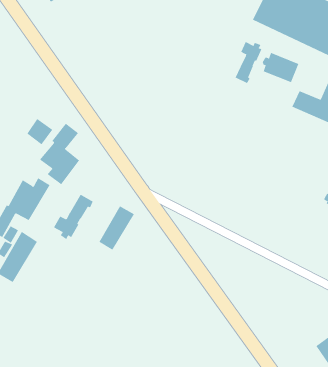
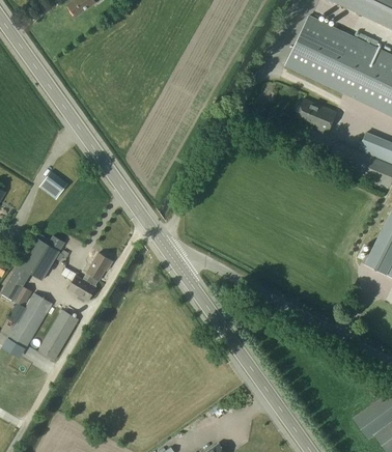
building: [235,41,262,84] -> none
building: [39,123,80,185] -> none
building: [99,206,135,251] -> [39,311,79,360]

